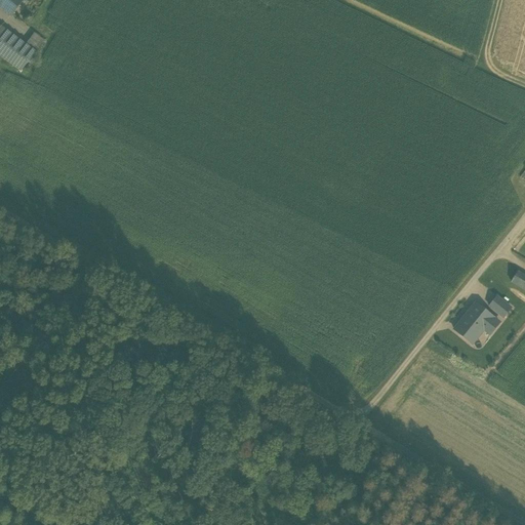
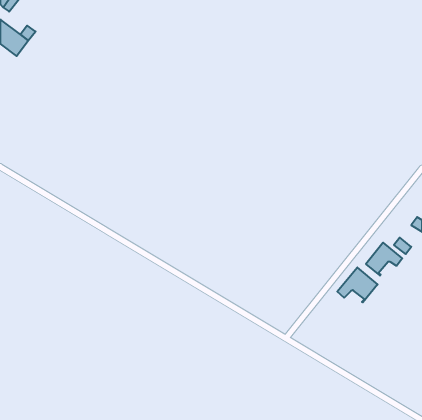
building: none -> [337,267,378,302]

